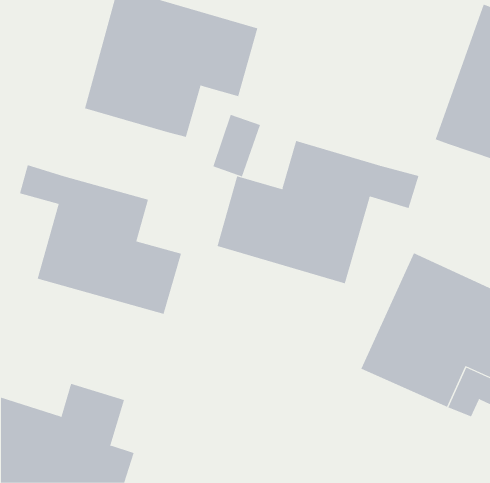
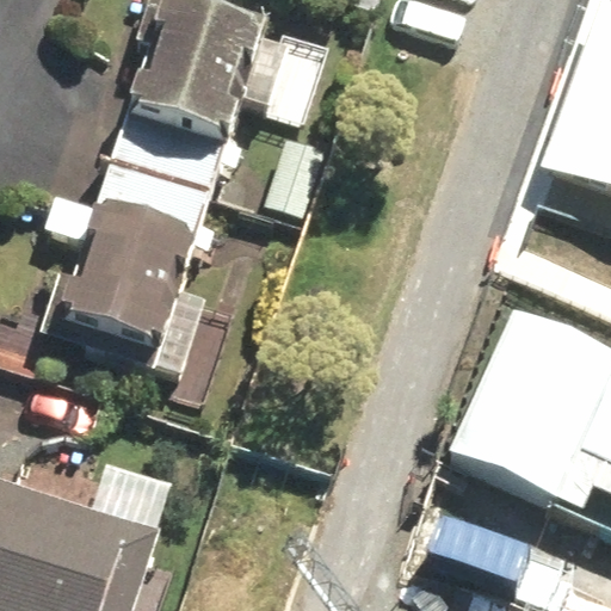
building: none -> [85,134,211,246]
building: [217,140,419,284] -> none

